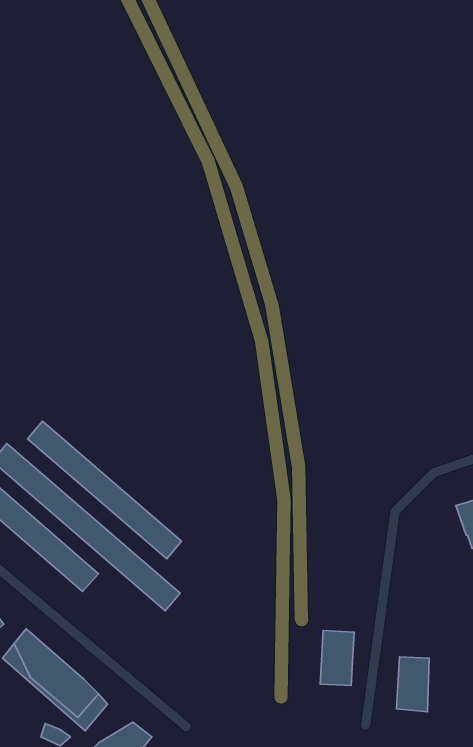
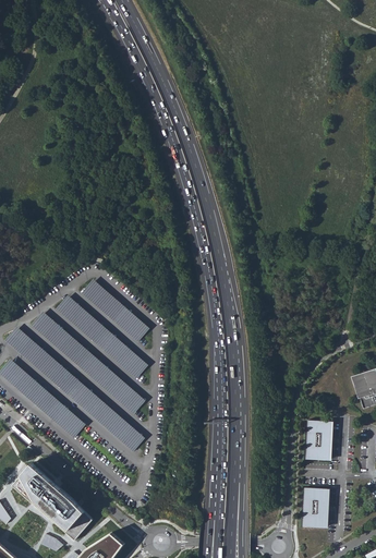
building: none -> [81,281,148,342]
building: none -> [56,296,147,379]
building: [320,631,354,685] -> [306,418,331,459]

